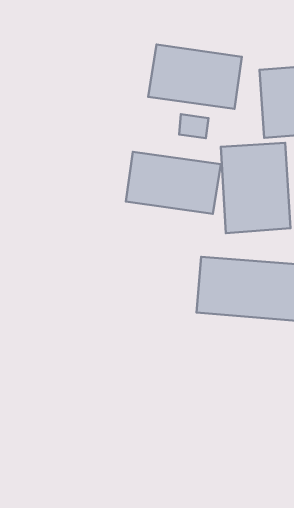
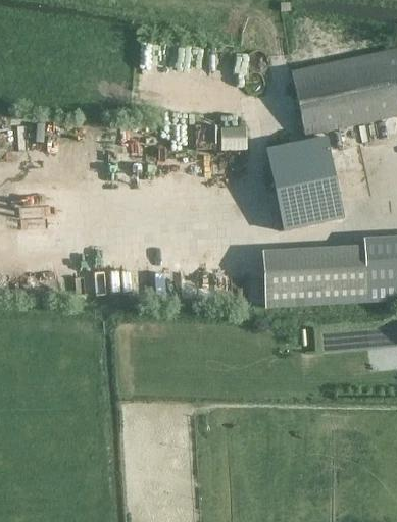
building: [148,45,242,109] -> none
building: [126,152,221,214] -> none

